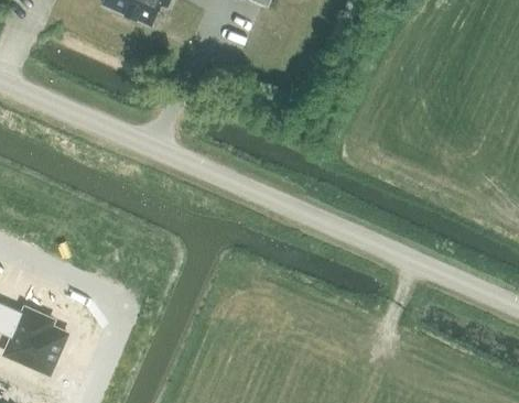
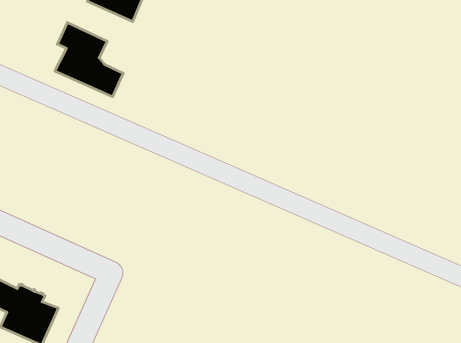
building: none -> [55,22,123,97]

